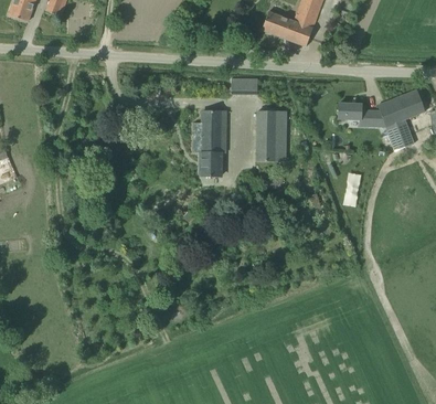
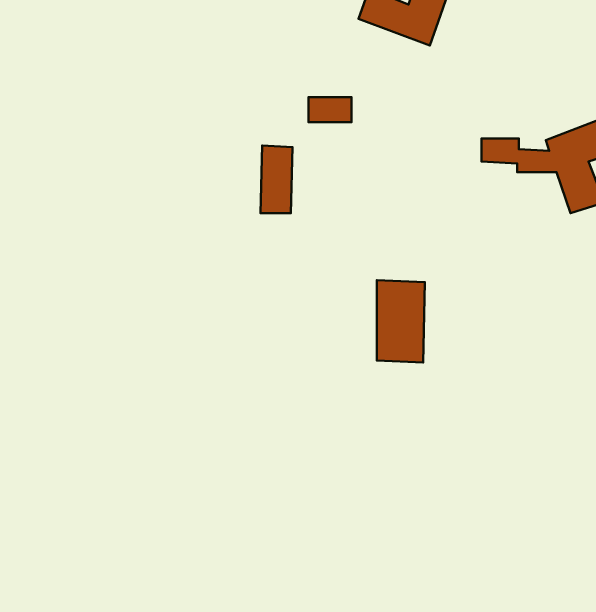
building: [256,110,286,161] -> [377,280,425,362]
building: [200,150,221,174] -> none

